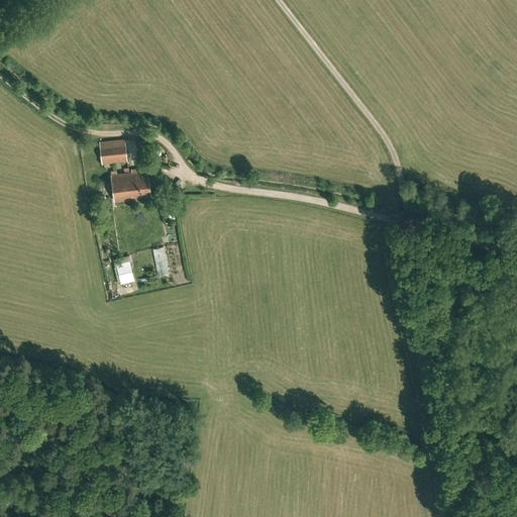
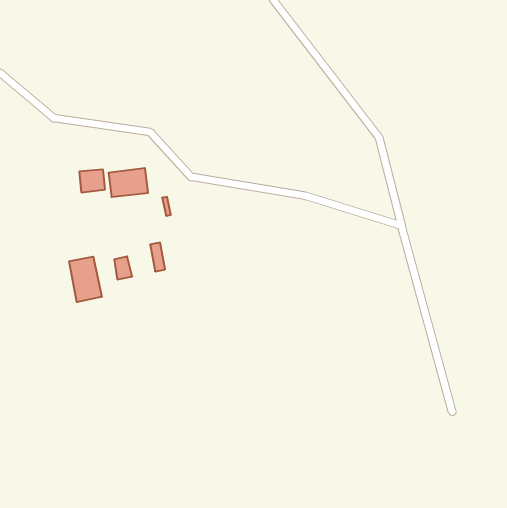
building: [99,139,125,163] -> [79,170,105,192]
building: none -> [69,257,102,302]

